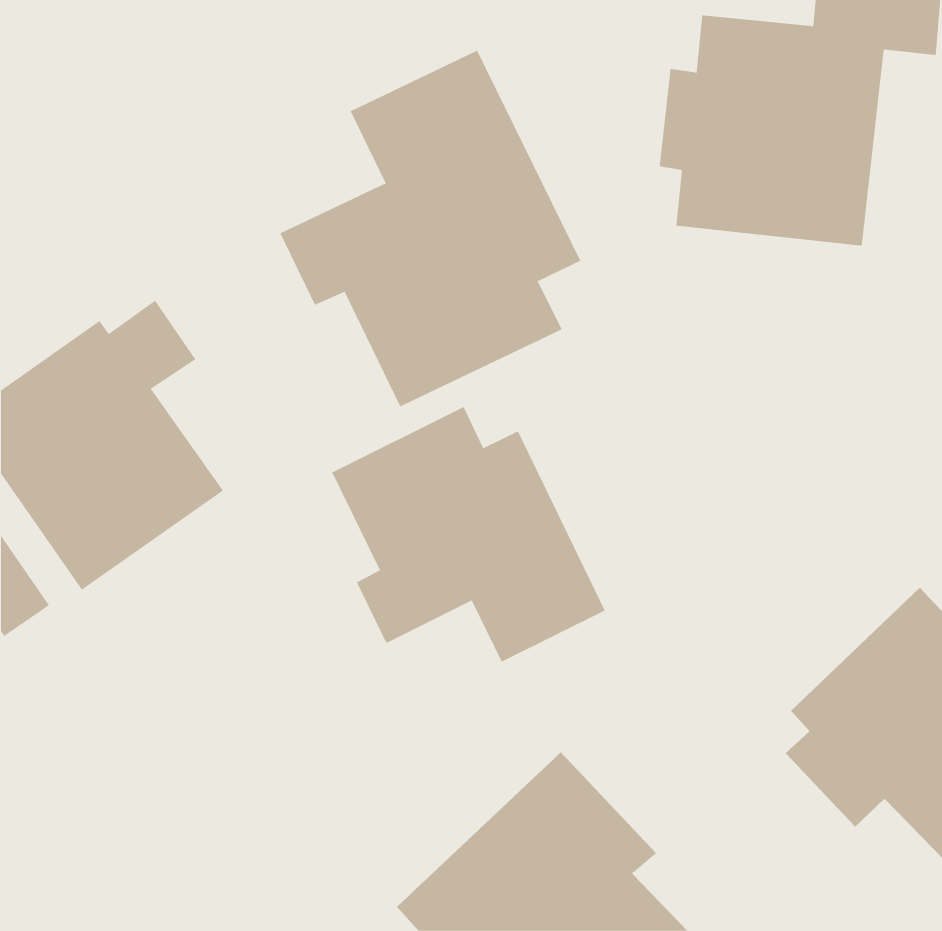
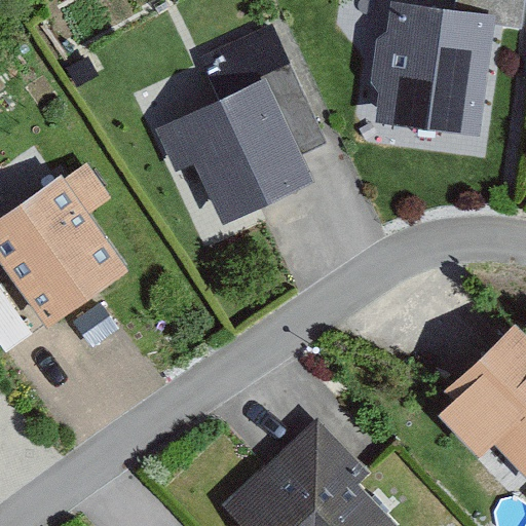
building: [331,406,605,663] -> none

